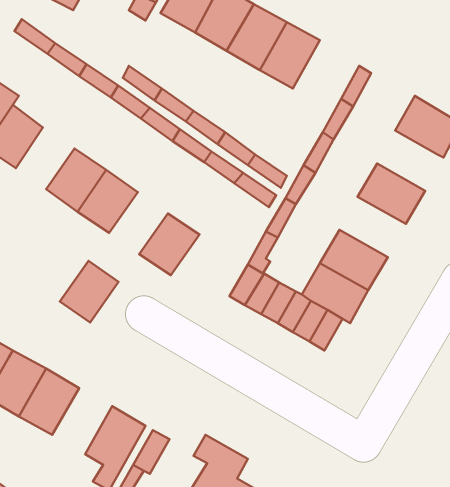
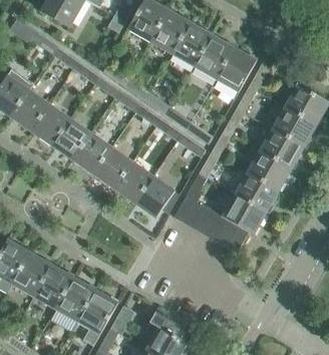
building: none -> [217,46,258,91]
building: none -> [32,104,71,145]
building: none -> [273,106,317,146]
building: none -> [248,150,292,191]
building: none -> [135,175,176,218]
building: [60,261,119,322] -> [94,147,133,189]
building: none -> [56,278,96,322]

